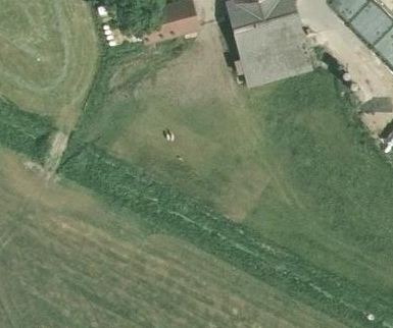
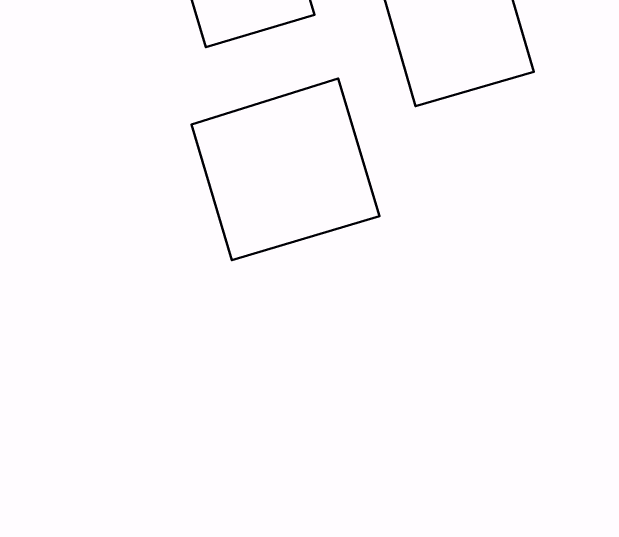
building: none -> [192,78,379,260]

